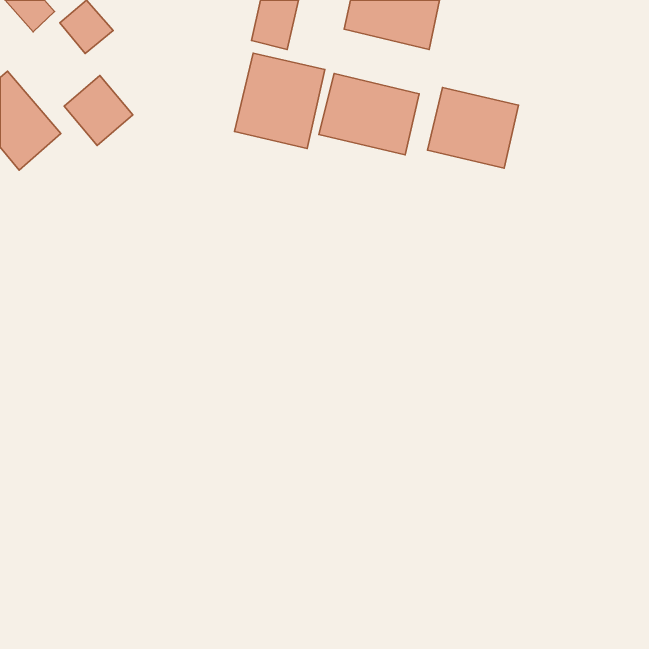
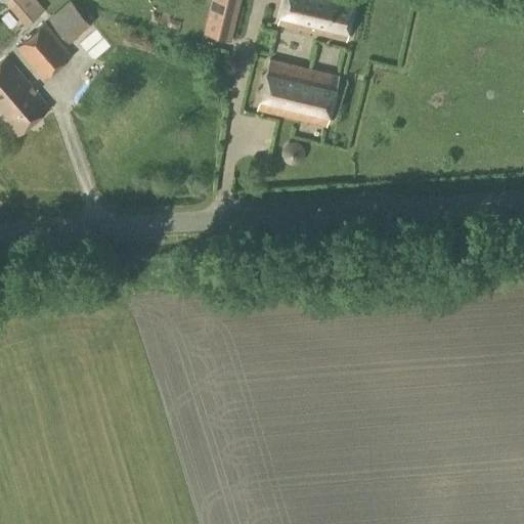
building: [234,53,325,149] -> none
building: [64,76,133,145] -> [16,23,72,79]
building: [428,88,518,168] -> none

